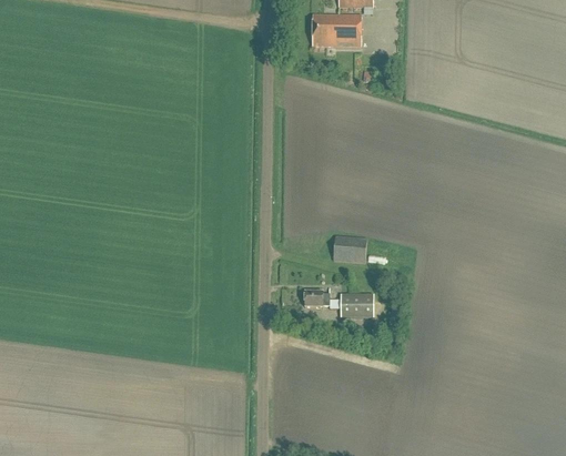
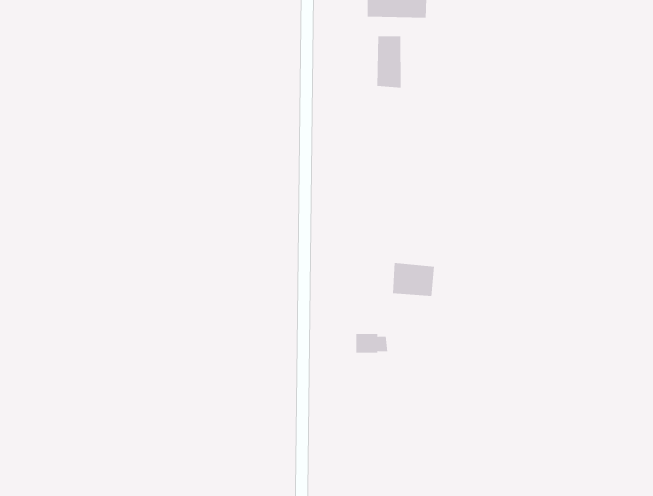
building: none -> [377,35,401,88]
building: [340,295,374,317] -> none

